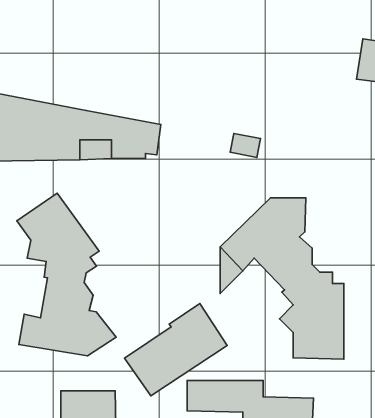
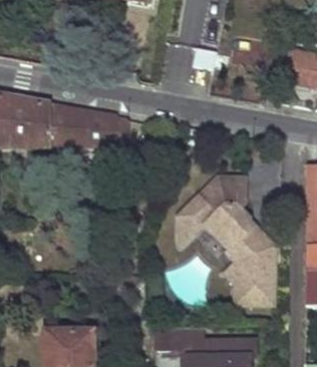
building: [17,193,116,356] -> none
building: [124,303,227,396] -> none

